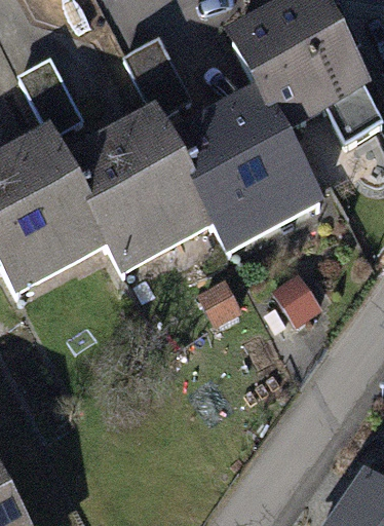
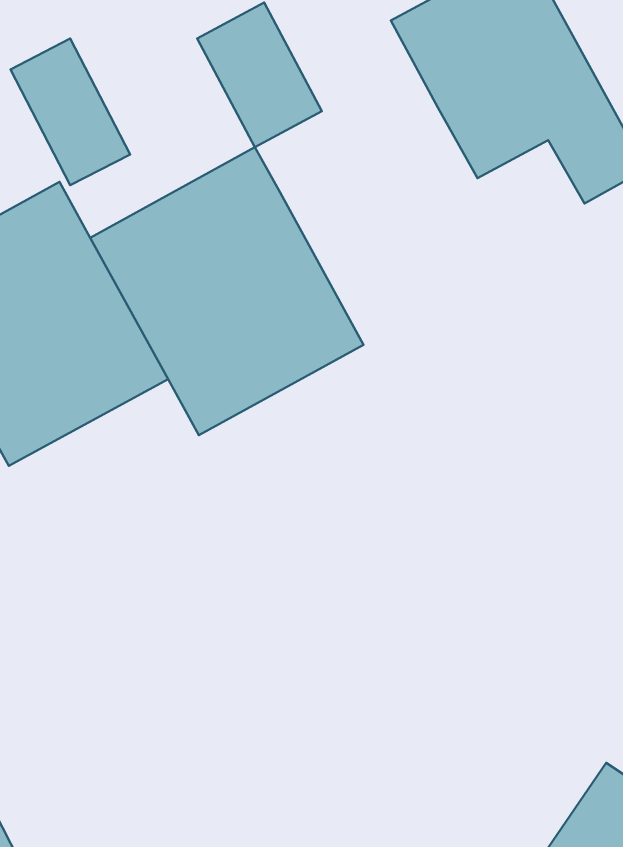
building: [171,87,322,249] -> none

